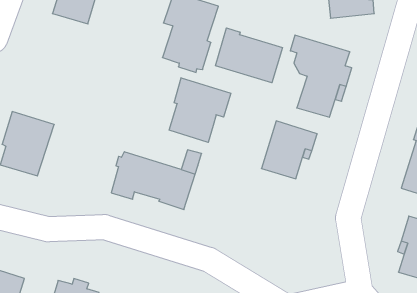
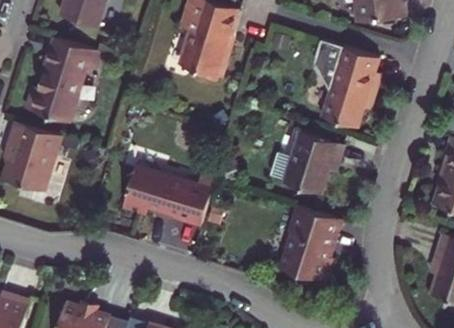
building: [215,28,282,83] -> none
building: none -> [25,38,99,123]
building: [169,78,231,142] -> none
building: none -> [282,206,339,283]

